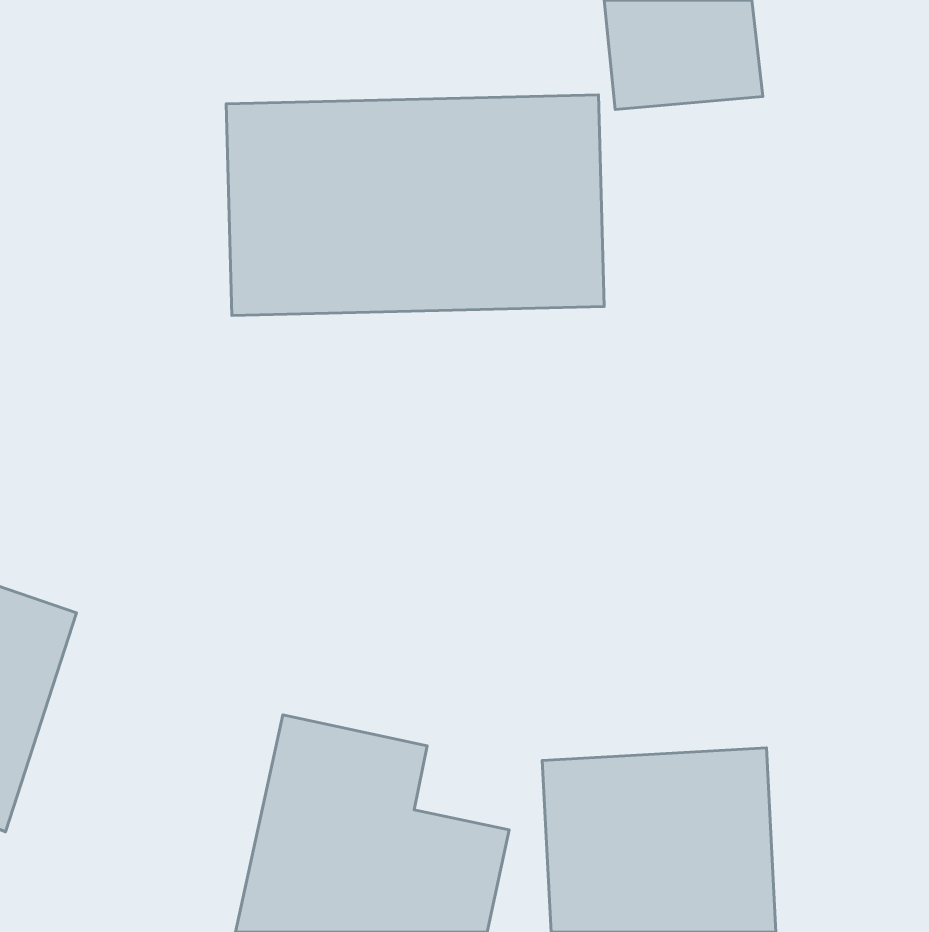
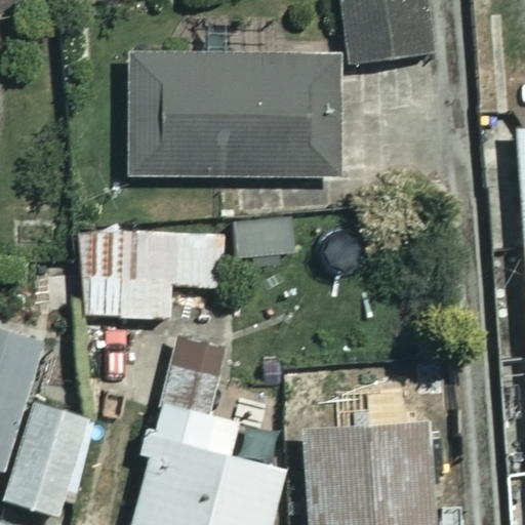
building: none -> [81,229,224,316]
building: none -> [6,402,92,515]

